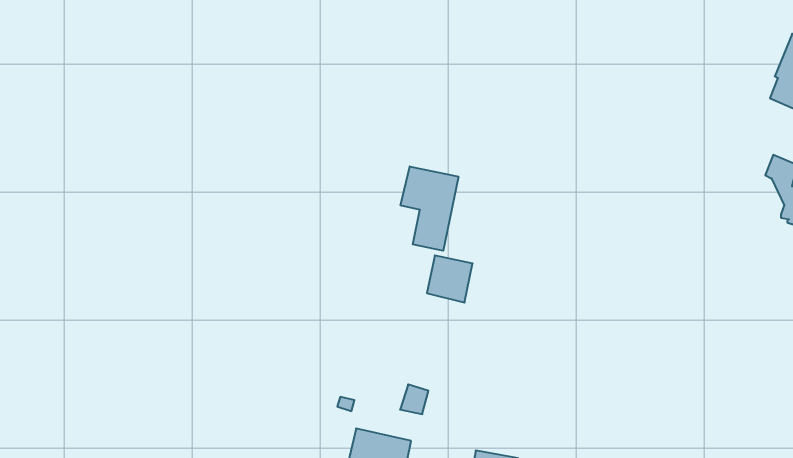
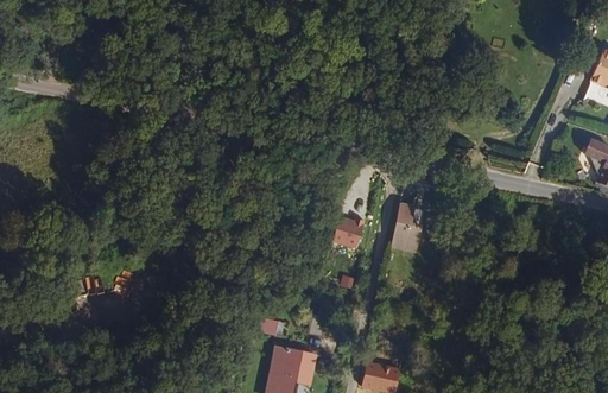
building: [401,166,458,251] -> none
building: none -> [393,203,420,251]

